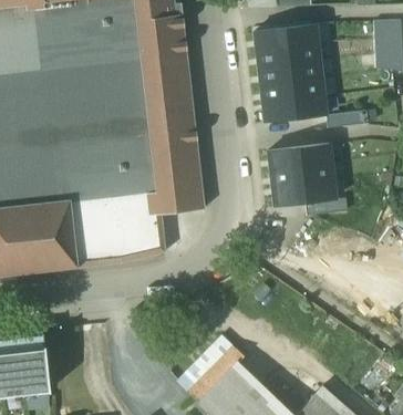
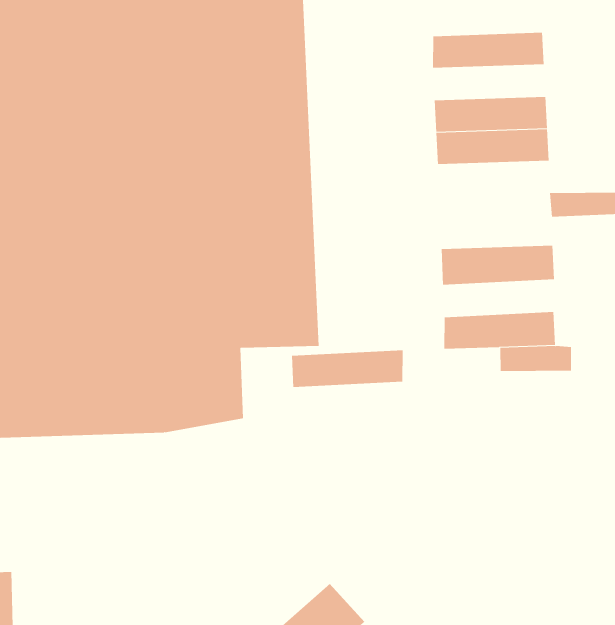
building: [256,43,320,68] -> none
building: [262,96,326,122] -> none
building: [270,162,333,187] -> [291,350,404,388]

